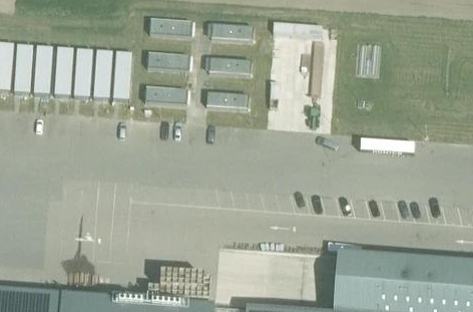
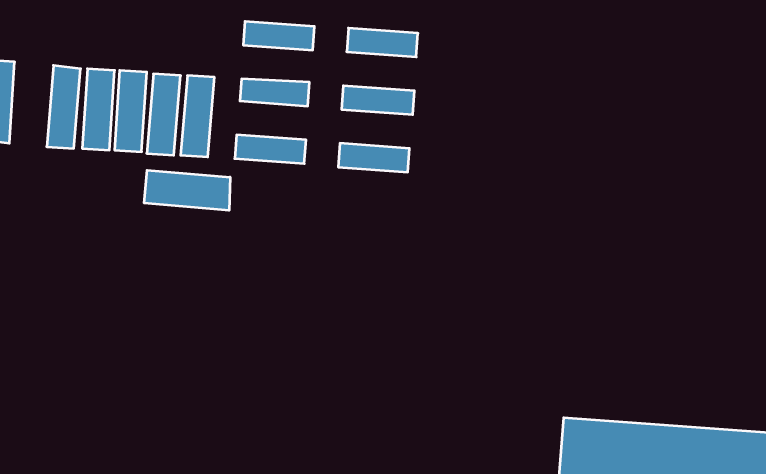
building: [15,44,34,92] -> none
building: none -> [144,170,230,210]

